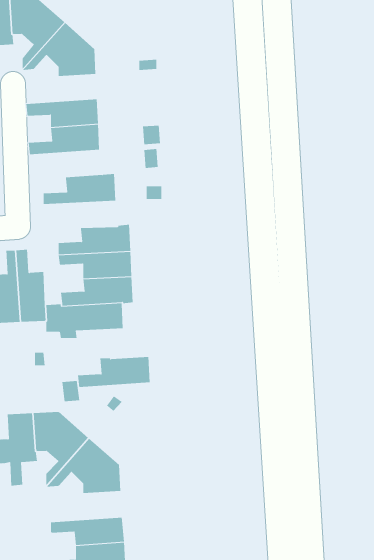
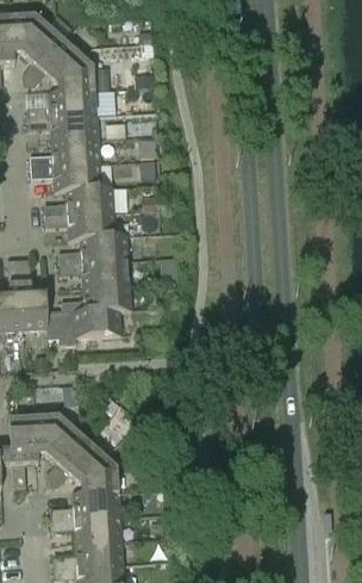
building: none -> [26,89,114,119]
building: none -> [30,163,100,192]
building: none -> [43,212,114,240]
building: [77,356,151,387] -> [49,491,119,521]

